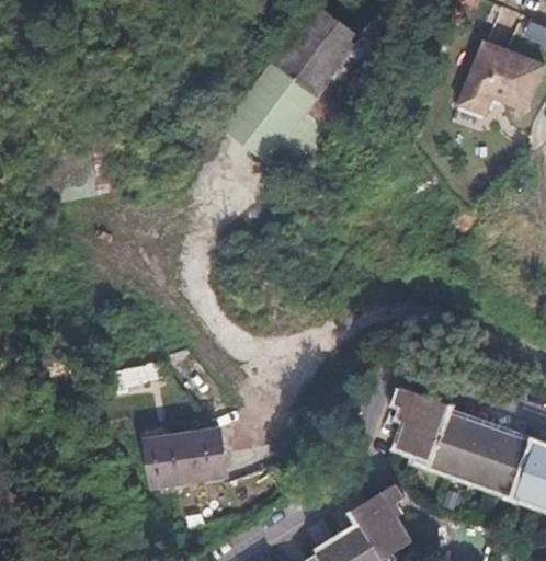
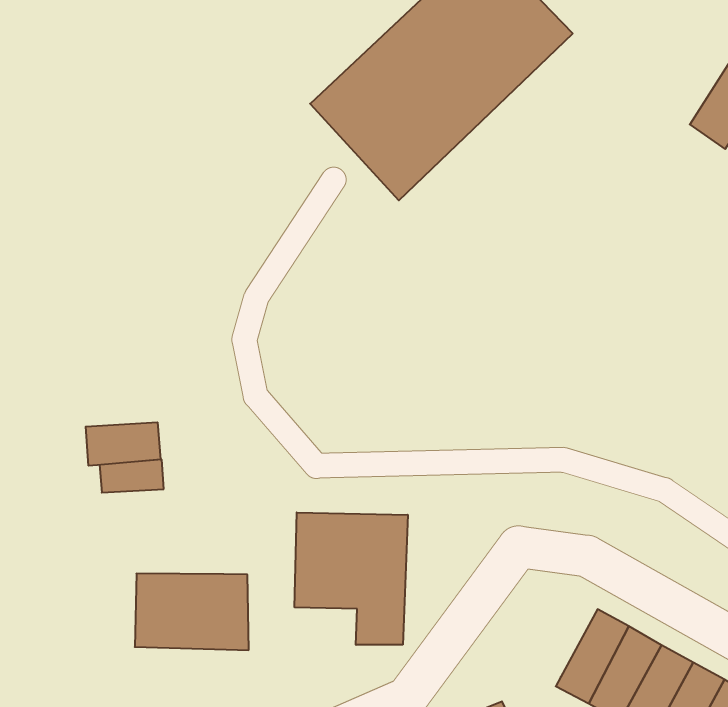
building: none -> [86,422,160,466]
building: none -> [295,512,408,645]
building: [398,388,452,461] -> none

